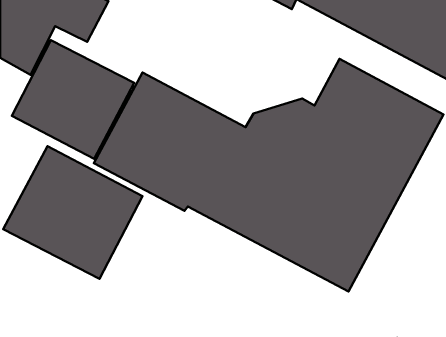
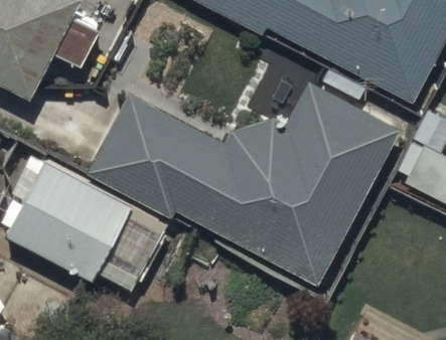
building: [12,40,134,159] -> none

